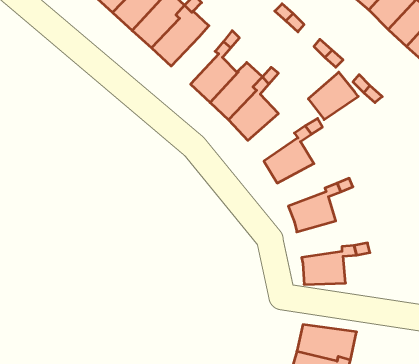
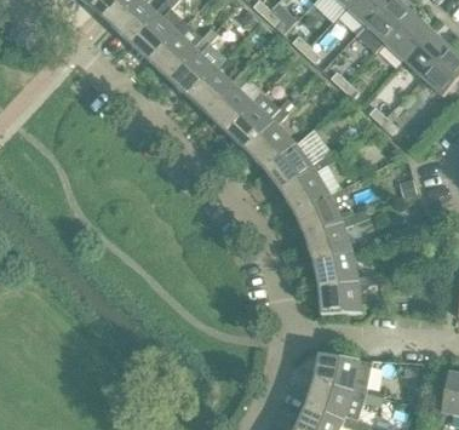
building: none -> [188,68,235,115]
building: [308,72,358,120] -> [264,144,314,191]
building: none -> [293,194,342,236]
building: none -> [312,251,357,287]

